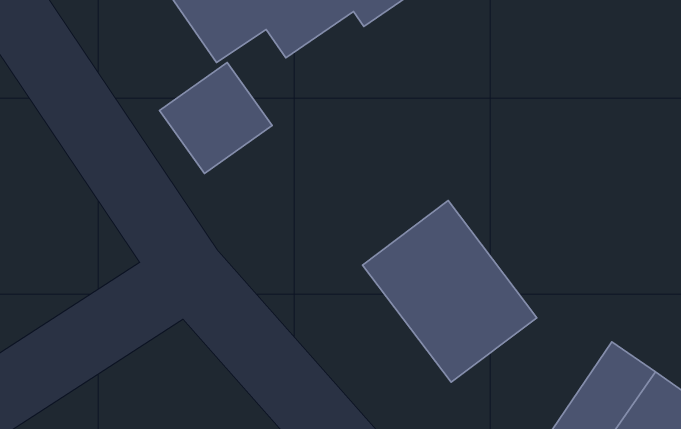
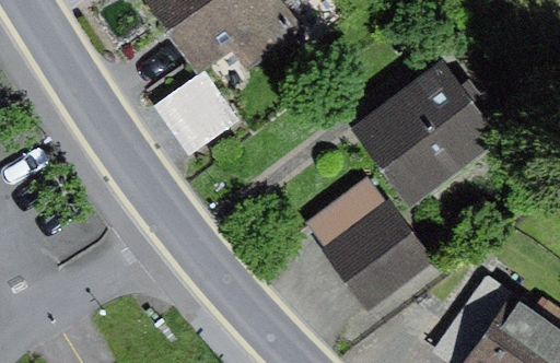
building: none -> [353,65,499,209]

